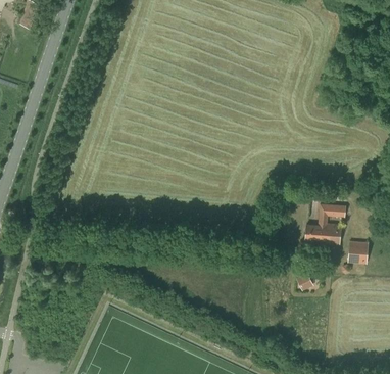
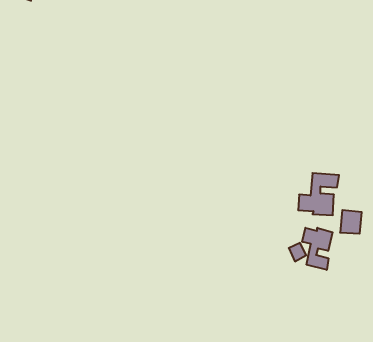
building: none -> [302,228,333,270]

